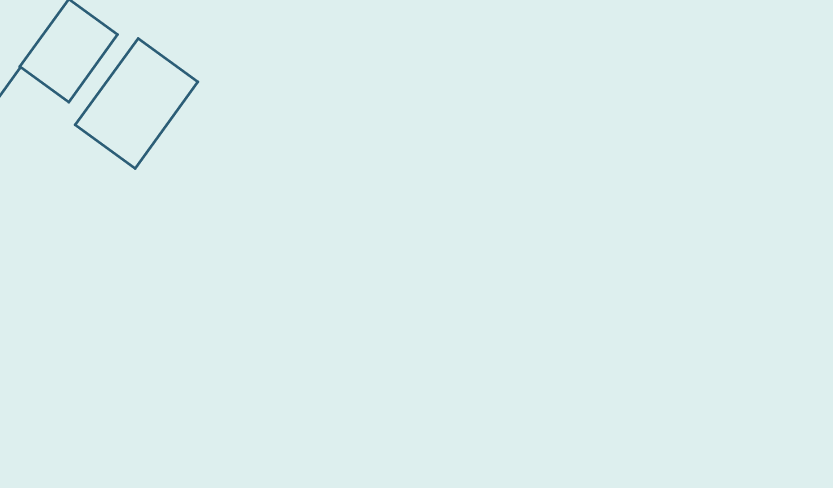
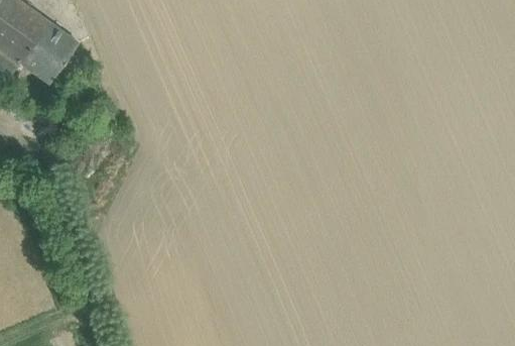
building: [75,38,198,168] -> none

